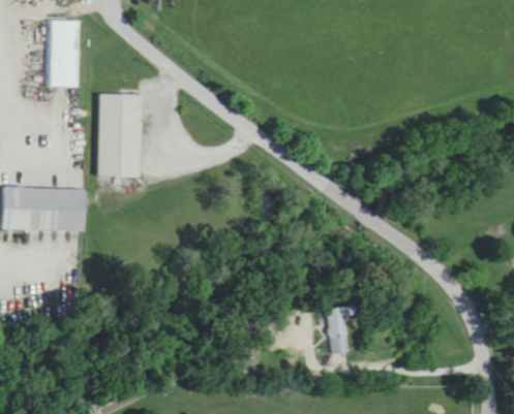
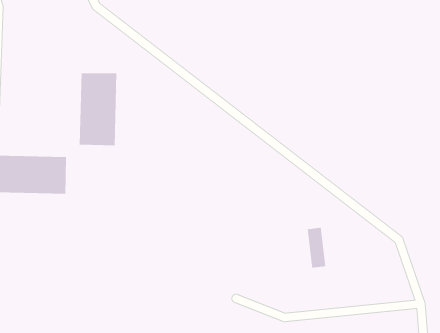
building: [48,20,79,86] -> none
building: [326,308,347,354] -> [307,227,326,268]

